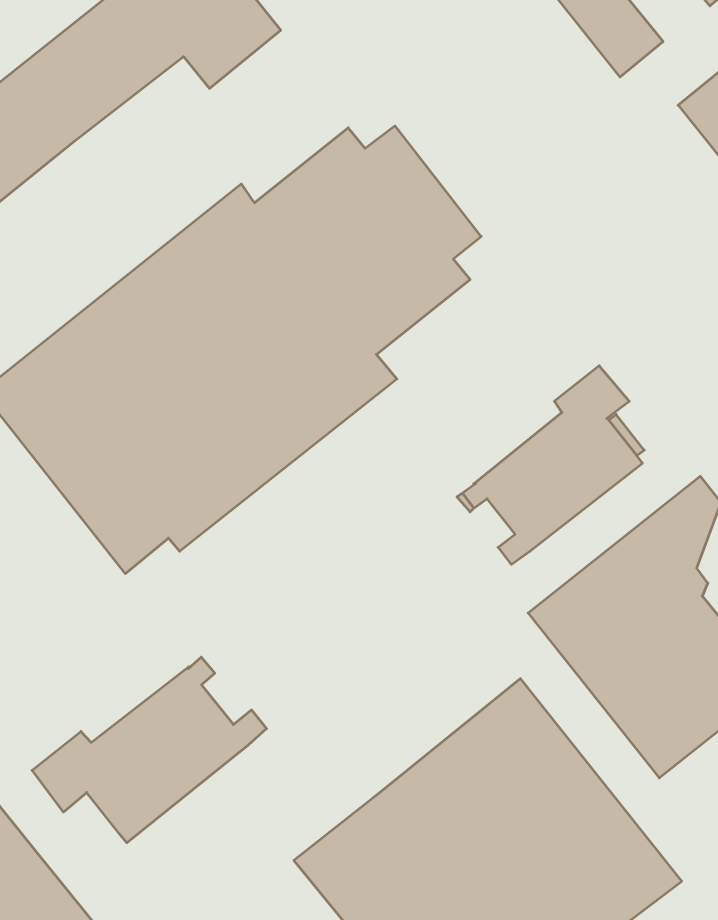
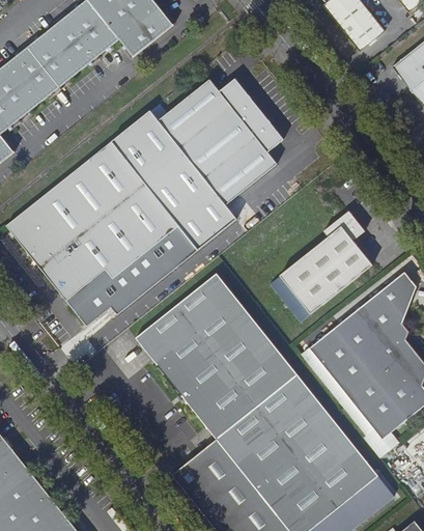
building: none -> [136,273,305,484]
building: [32,657,267,843] -> none

